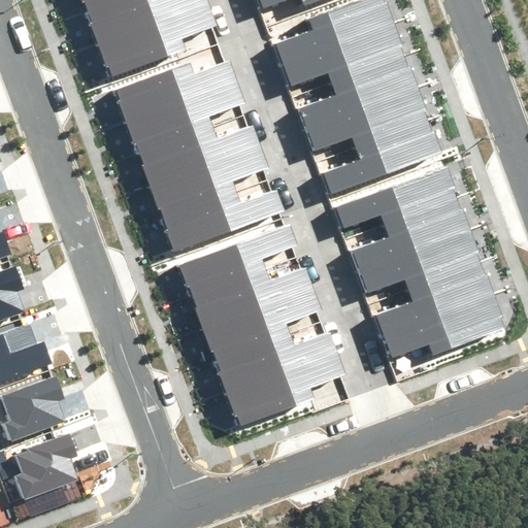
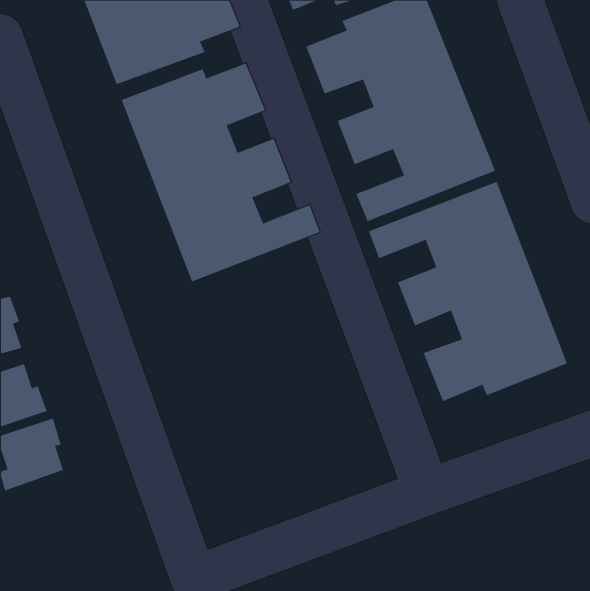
building: [175,219,344,425] -> none
building: [15,431,75,496] -> none

